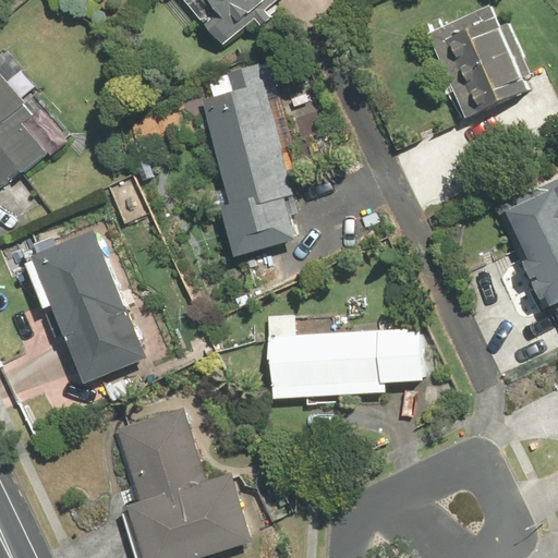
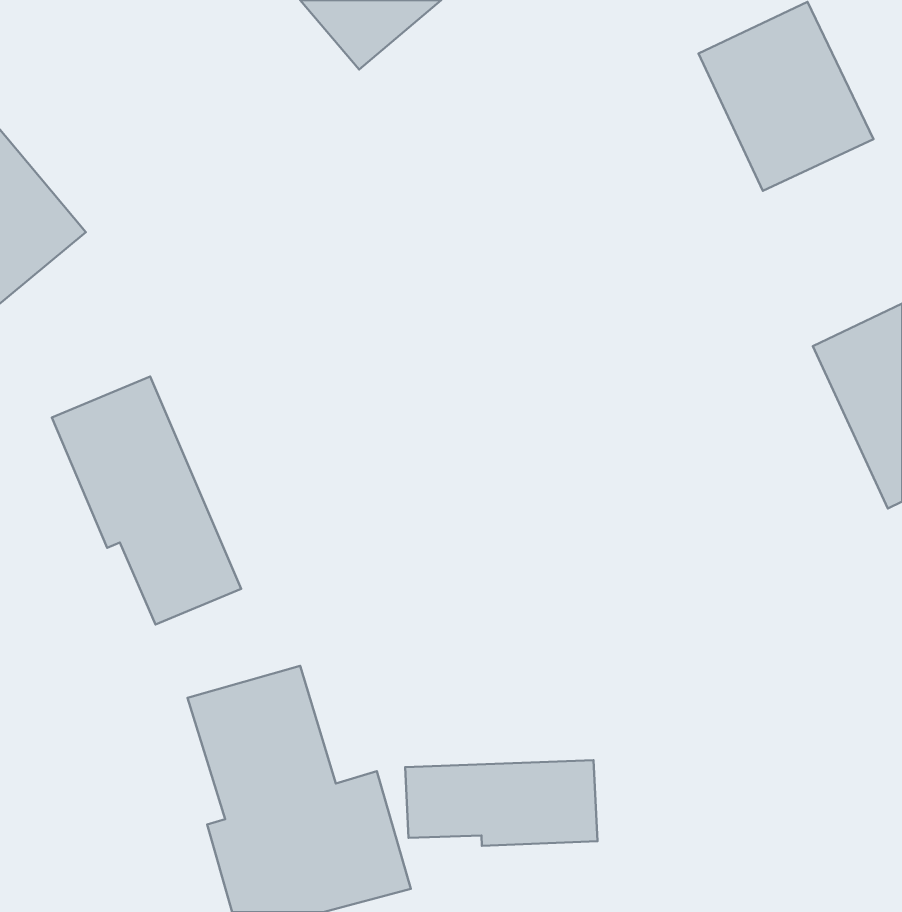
building: [195,82,307,257] -> none
building: [266,316,423,396] -> none
building: none -> [405,760,597,846]

